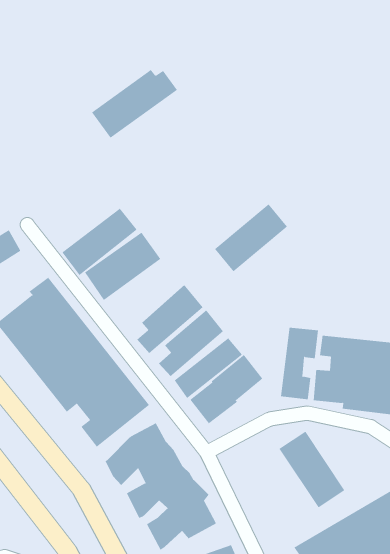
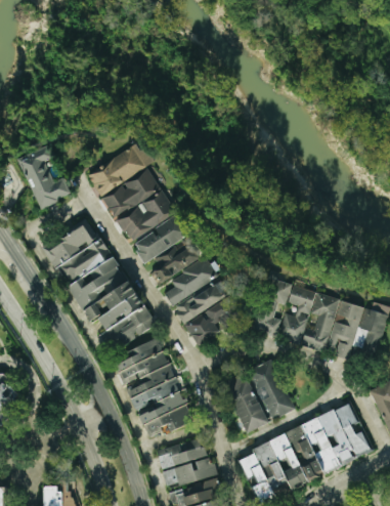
building: [91,69,178,138] -> [86,145,155,195]
building: [214,203,288,272] -> [132,214,190,263]
building: none -> [225,379,267,433]

